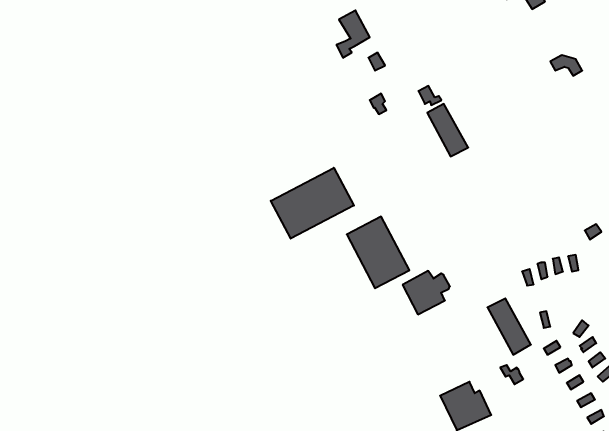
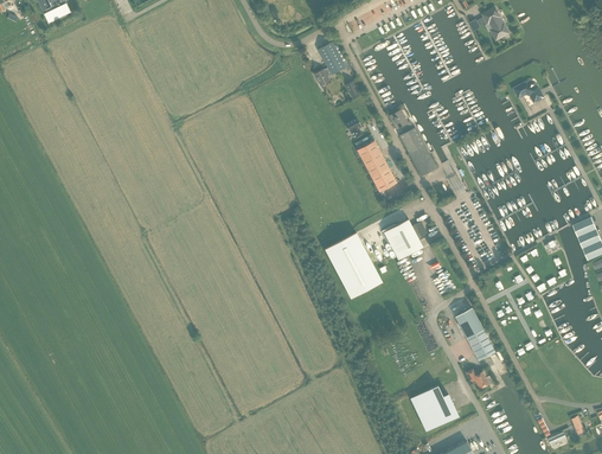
building: none -> [356,141,396,192]
building: [271,168,354,239] -> none
building: [403,271,450,314] -> [383,219,427,260]

